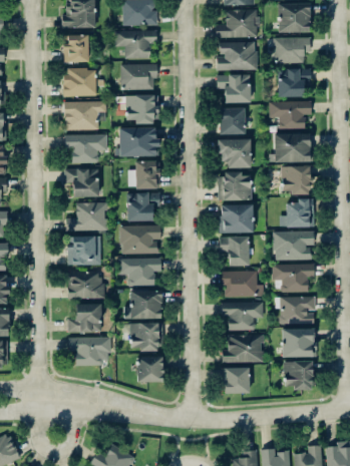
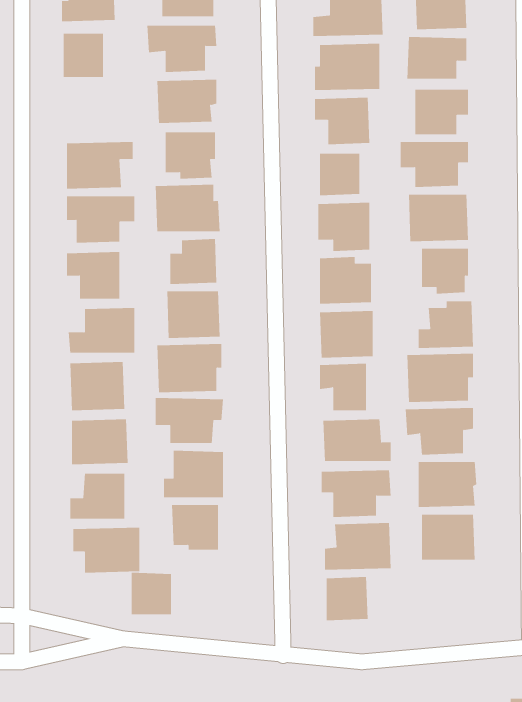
building: [64,68,96,96] -> none
building: [137,356,162,382] -> [131,572,172,615]
building: [284,361,313,390] -> none

